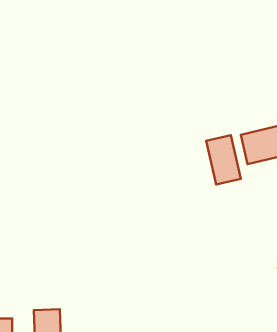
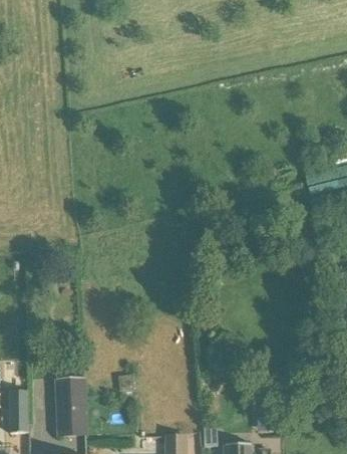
building: [206,135,241,185] -> none

